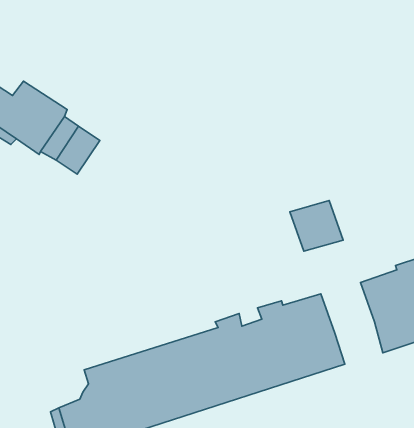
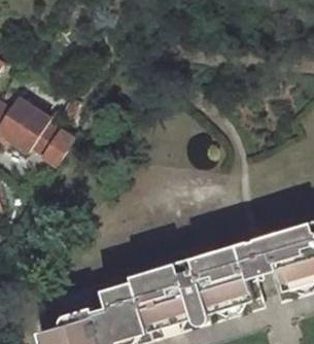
building: [290,201,343,251] -> [240,237,279,274]

